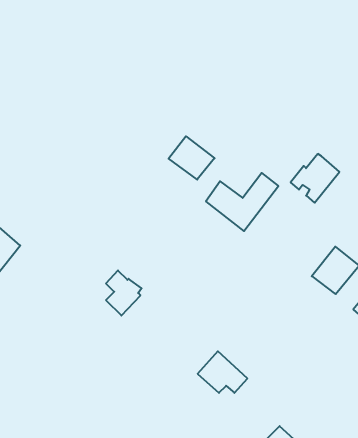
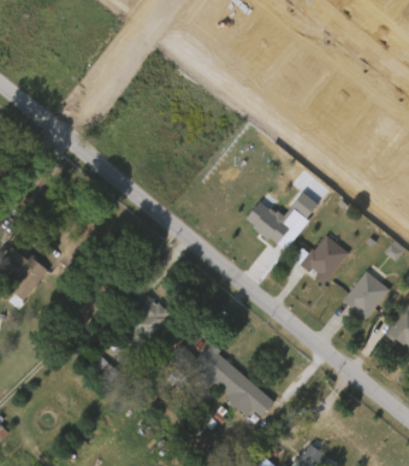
building: [169,136,215,180] -> none
building: [291,154,339,203] -> [298,234,348,283]
building: none -> [171,342,232,394]

